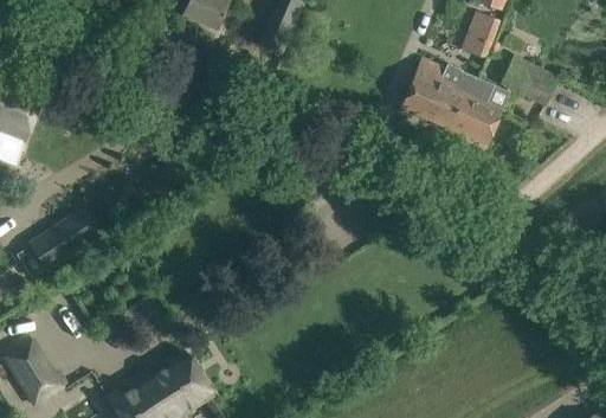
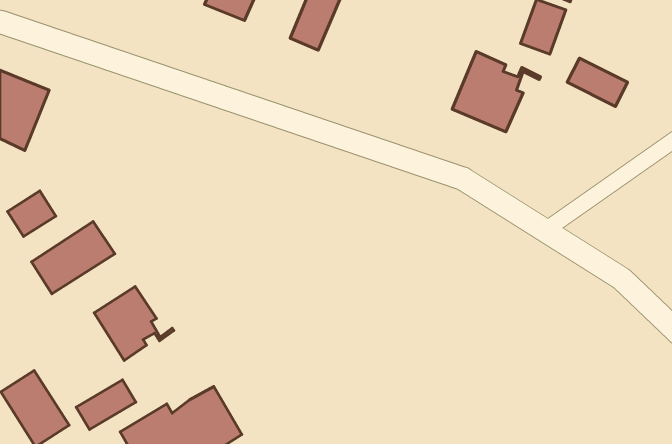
building: [447,75,502,144] -> none
building: none -> [8,191,56,237]
building: none -> [94,287,174,360]
building: none -> [76,380,136,430]

